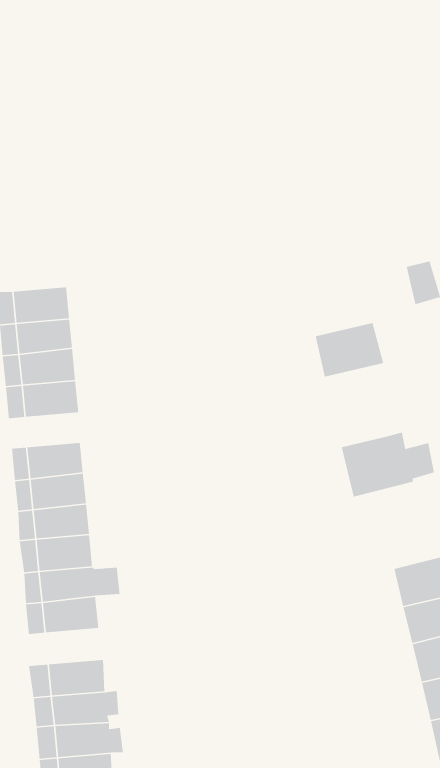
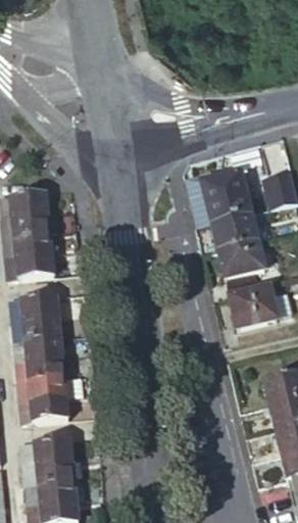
building: none -> [201,173,250,225]
building: none -> [217,243,263,298]

